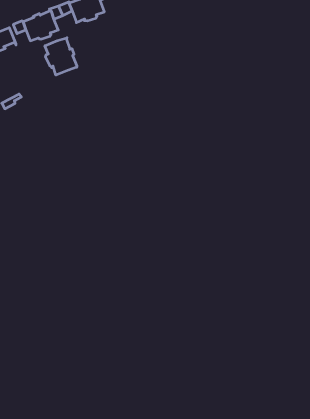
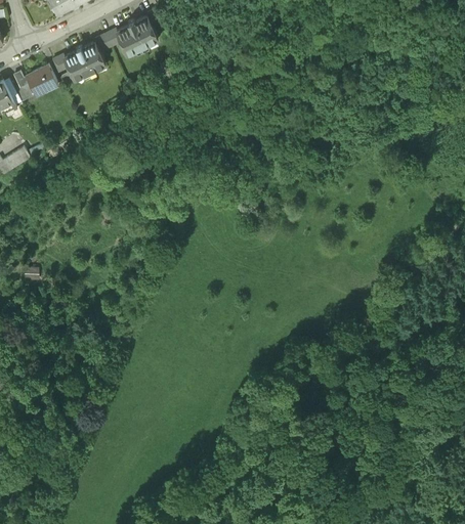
building: [45,38,77,75] -> none

